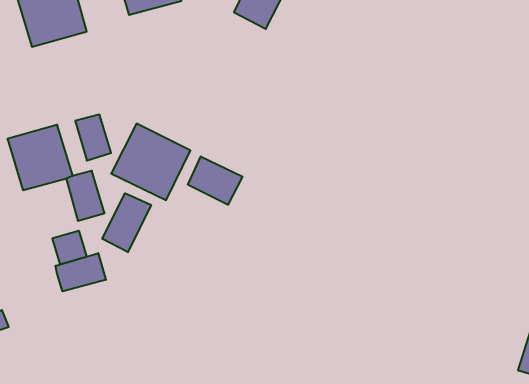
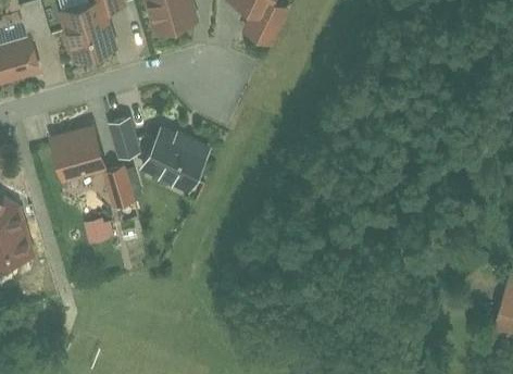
building: [188,156,242,205] -> none
building: [102,193,151,252] -> none
building: [56,253,106,291] -> none

